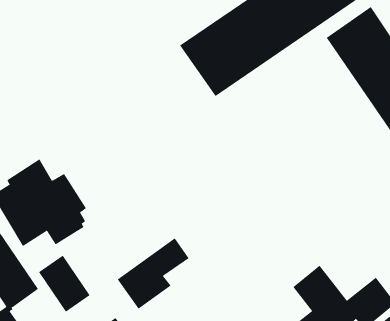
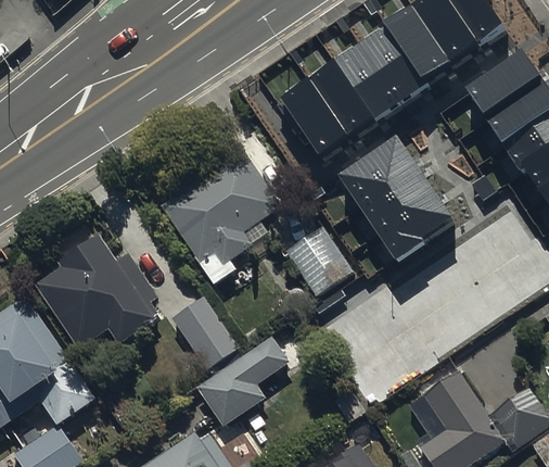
building: none -> [335,131,450,256]
building: none -> [161,152,282,286]
building: none -> [285,226,354,296]
building: [38,255,90,312] -> [170,293,237,366]

